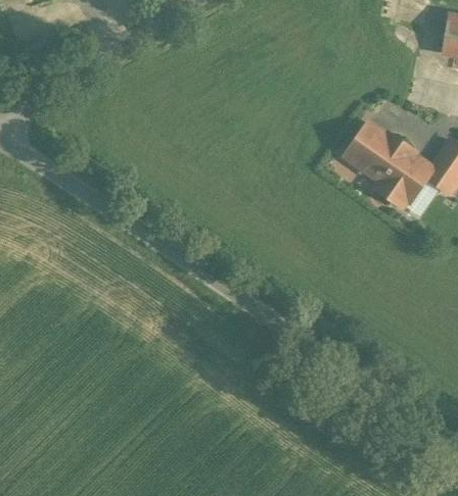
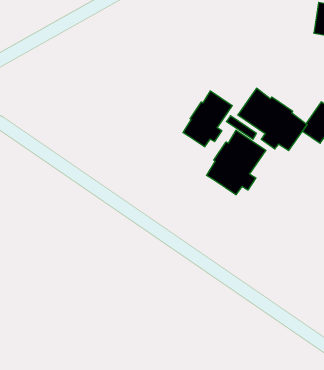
building: none -> [183,91,232,147]
building: none -> [207,130,266,195]

